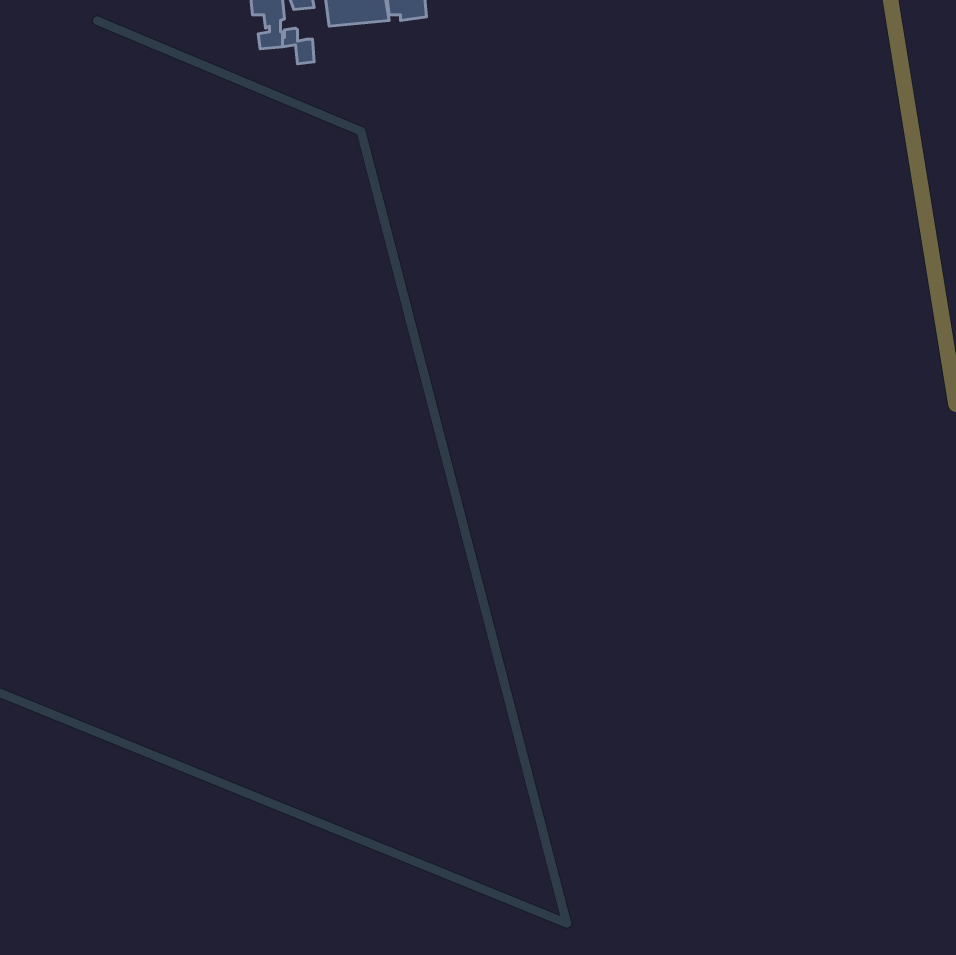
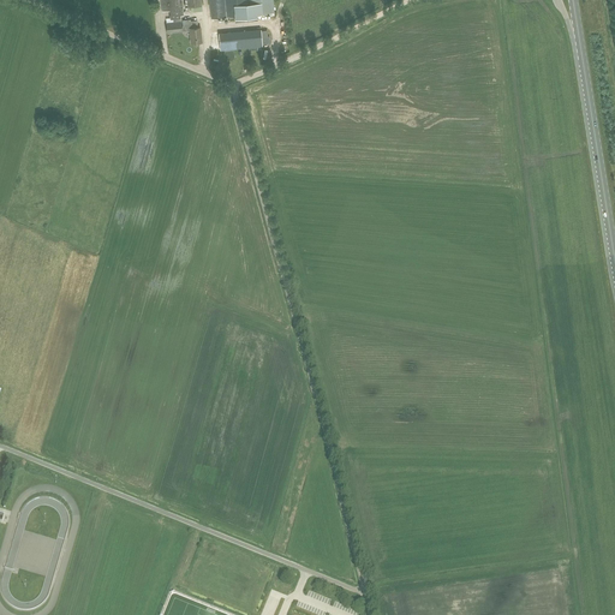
building: none -> [219,28,263,48]

